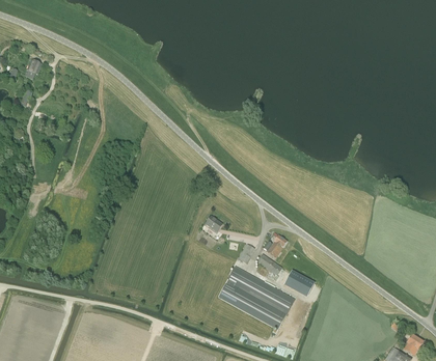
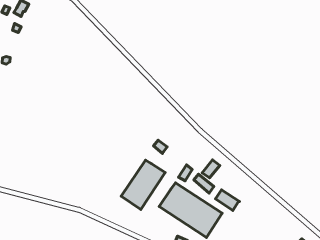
building: none -> [121,160,165,210]

